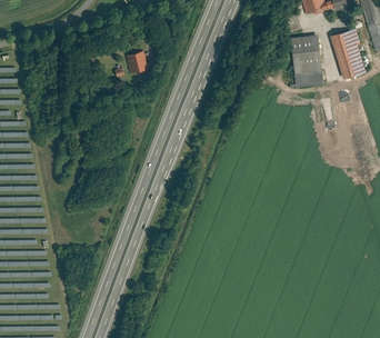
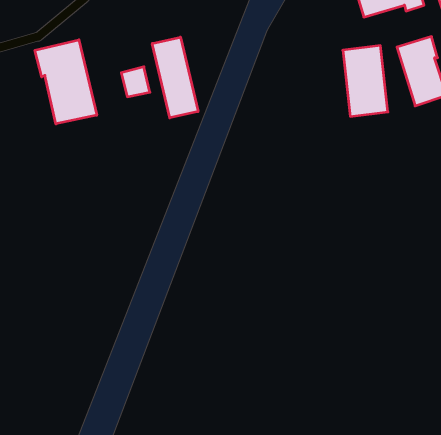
building: none -> [152,37,198,118]
building: none -> [35,40,97,124]

